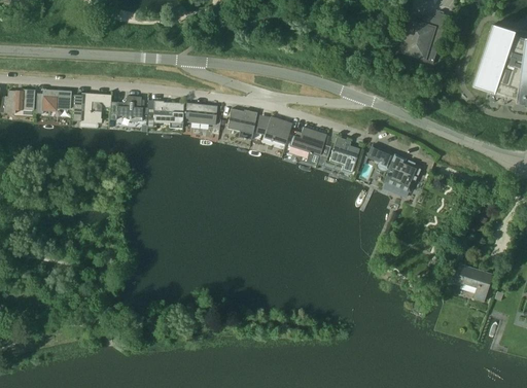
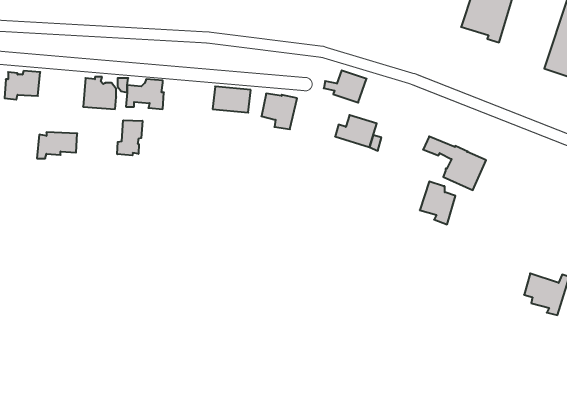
building: [35,91,70,113] -> [37,132,77,158]
building: [153,100,183,128] -> none
building: [255,116,292,144] -> [324,70,367,103]
building: none -> [117,120,142,155]
building: [328,136,359,173] -> [420,181,455,224]

